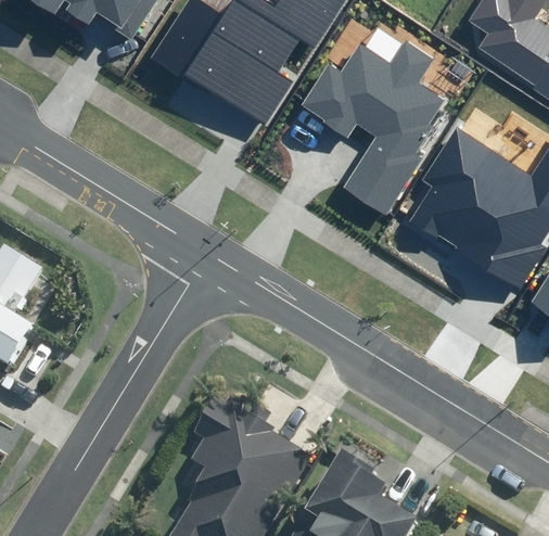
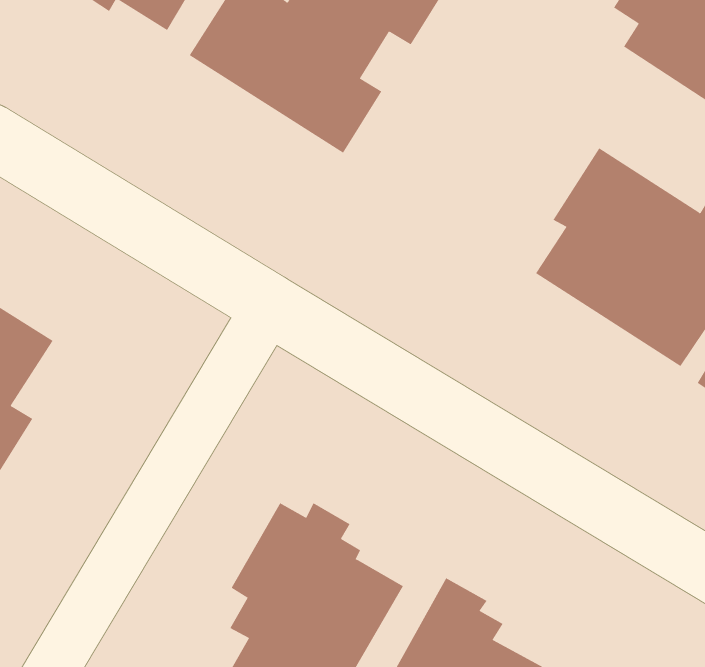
building: [299,39,443,215] -> none

